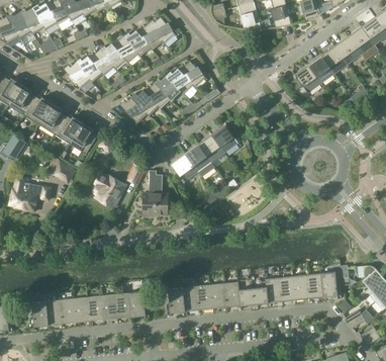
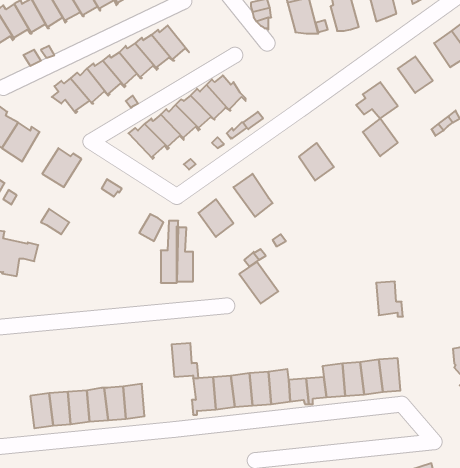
building: [148,17,178,43] -> none
building: [333,36,360,65] -> none
building: [307,56,333,84] -> [363,118,398,156]
building: [38,103,66,134] -> none
building: [70,123,97,155] -> none
building: [211,124,237,153] -> [299,143,334,181]
building: [184,145,213,176] -> [239,262,278,304]
building: [93,173,125,207] -> none
building: [320,272,341,298] -> [376,282,403,317]
building: [128,291,149,318] -> [172,343,198,378]
building: [29,301,47,330] -> none

